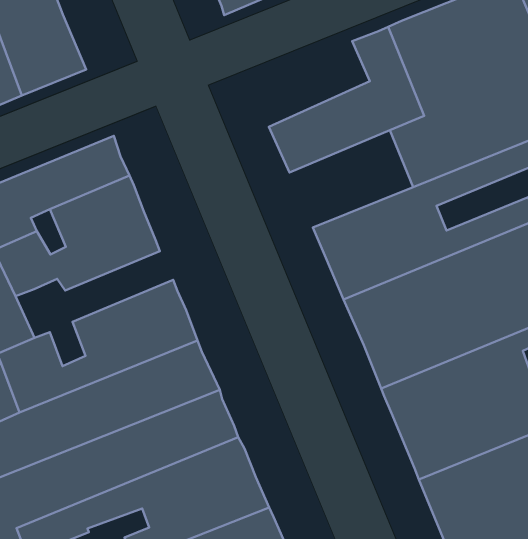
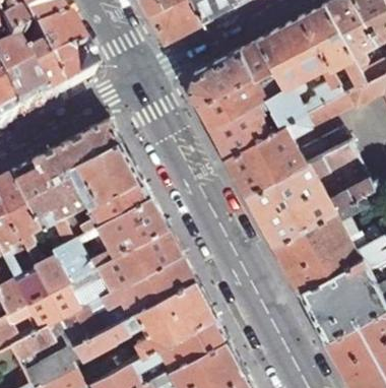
building: none -> [188,54,249,107]
building: none -> [209,102,279,160]
building: none -> [63,183,150,239]

